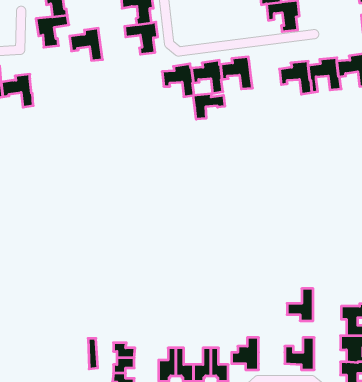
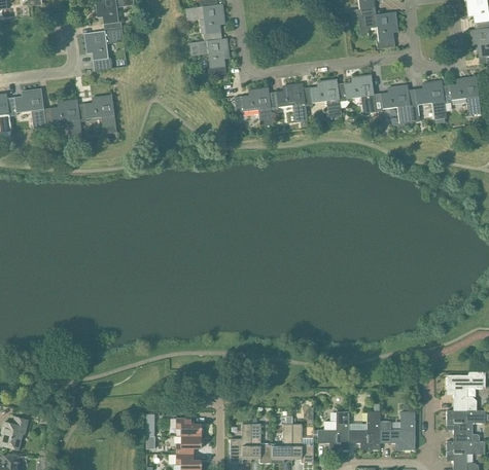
building: [70,28,103,60] -> [78,96,117,134]
building: none -> [338,75,376,113]
building: [193,94,225,119] -> none
building: [287,289,313,321] -> [349,411,380,449]

